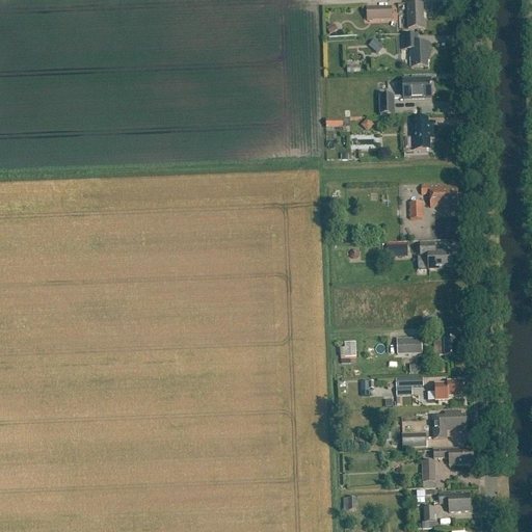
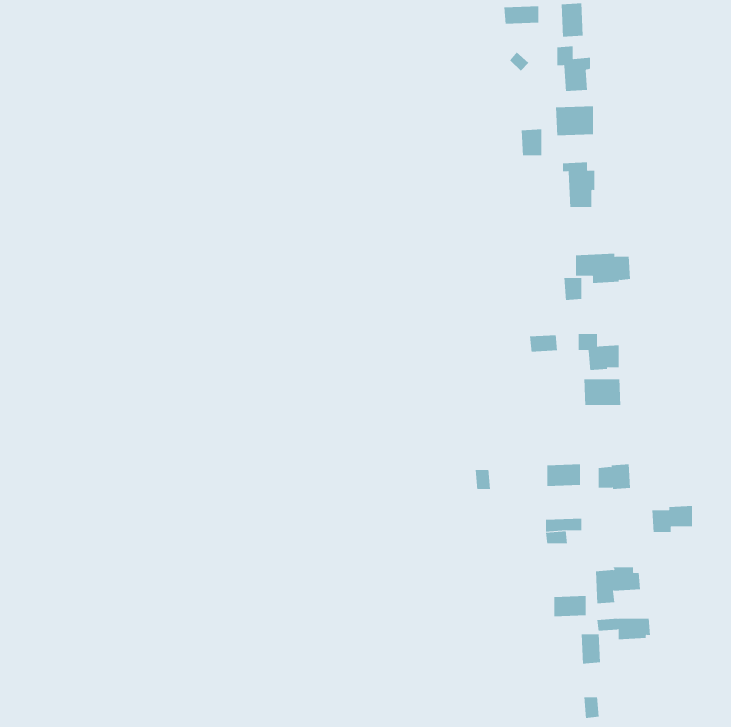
building: none -> [584,378,621,406]
building: [434,380,464,400] -> [651,505,693,533]
building: [438,493,471,510] -> none

